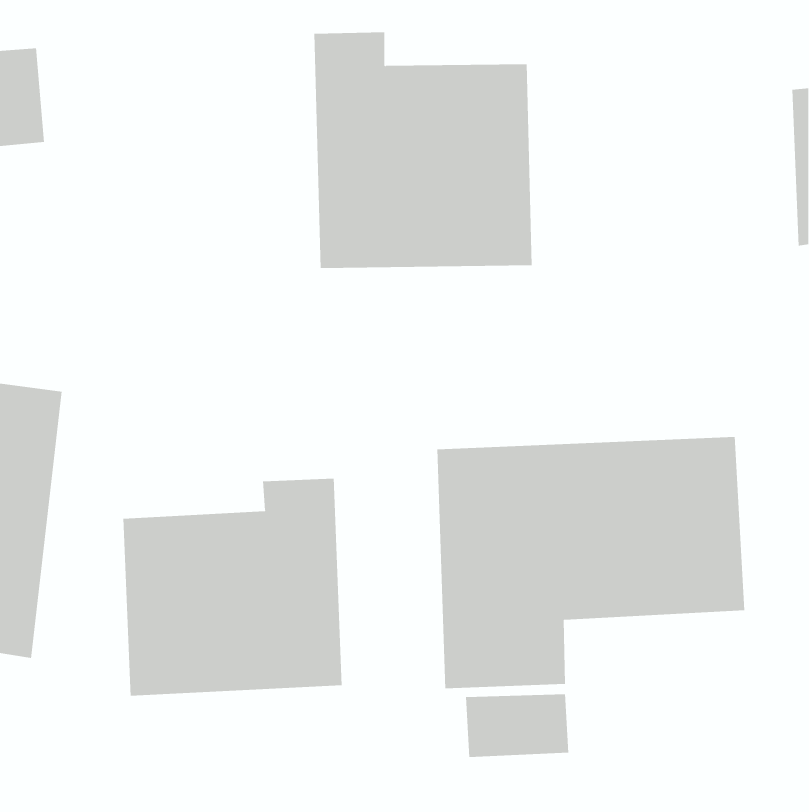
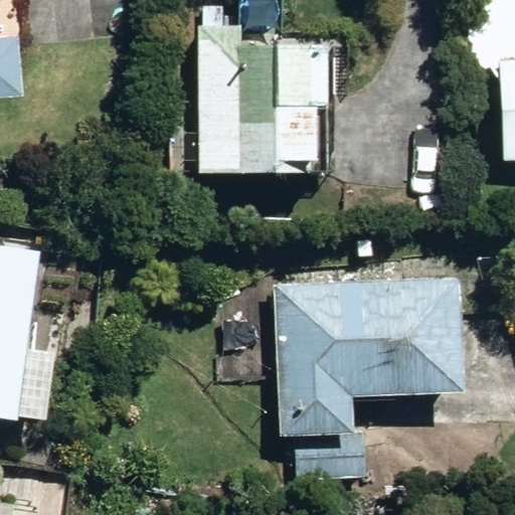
building: [123,478,342,697] -> none

